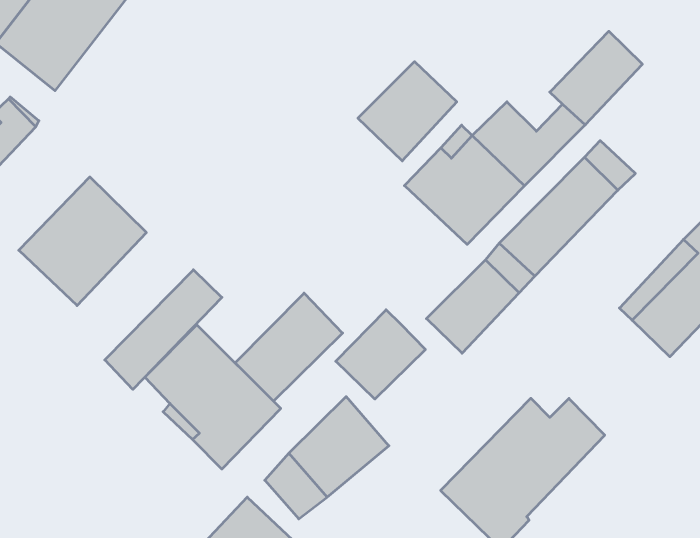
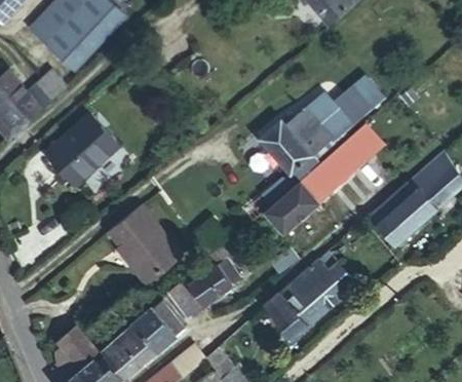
building: [358,62,457,161] -> none
building: [105,270,222,389] -> none
building: [235,293,343,401] -> none
building: [336,310,425,399] -> none

